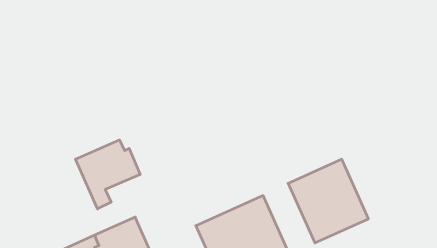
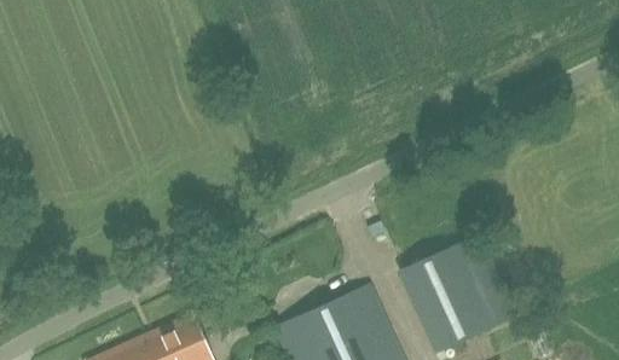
building: [75,140,140,209] -> none

